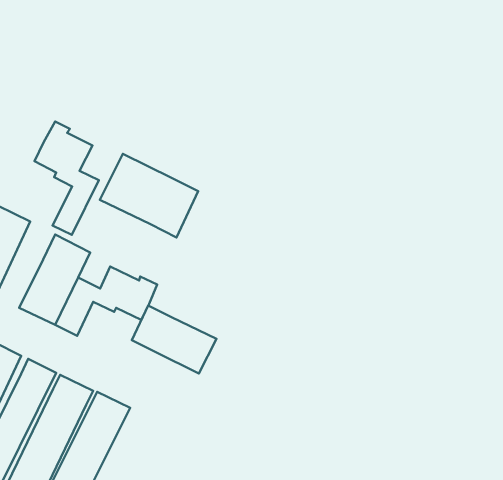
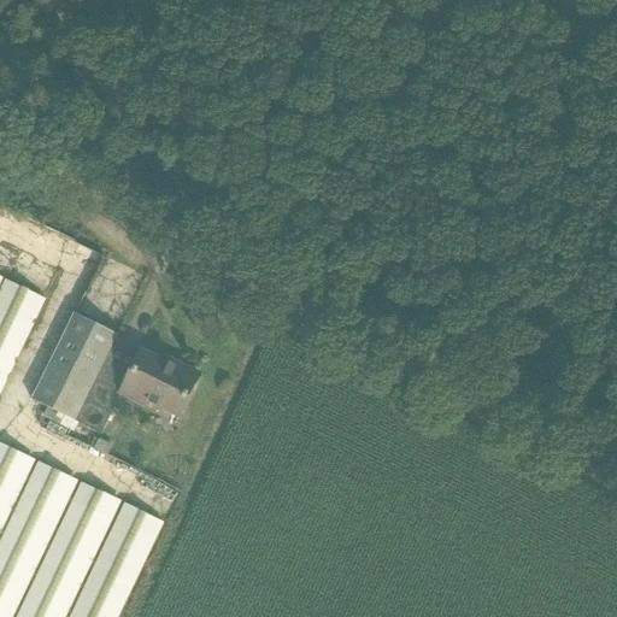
building: [35,121,99,235] -> none
building: [100,154,198,237] -> none
building: [132,305,217,374] -> none

